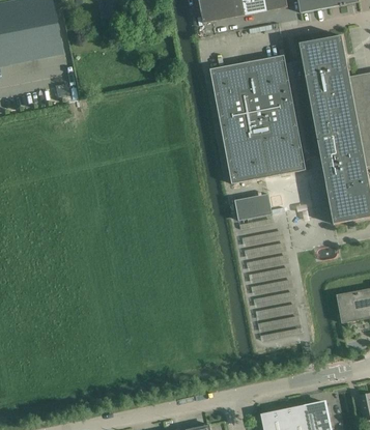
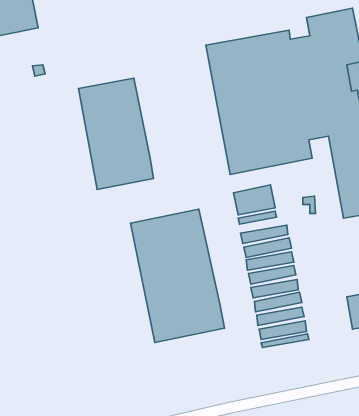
building: none -> [78,78,153,189]
building: none -> [131,209,224,343]

